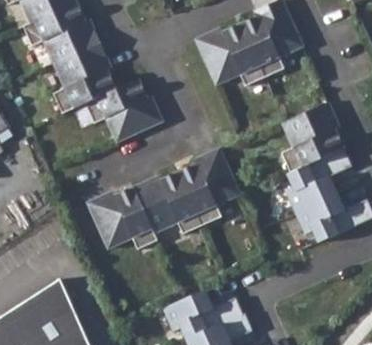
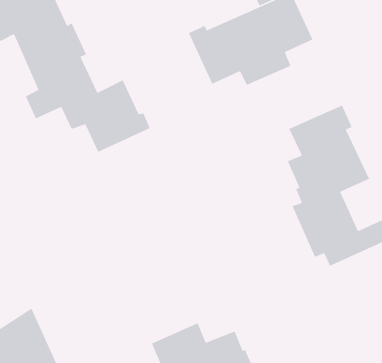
building: [88,149,241,249] -> none

